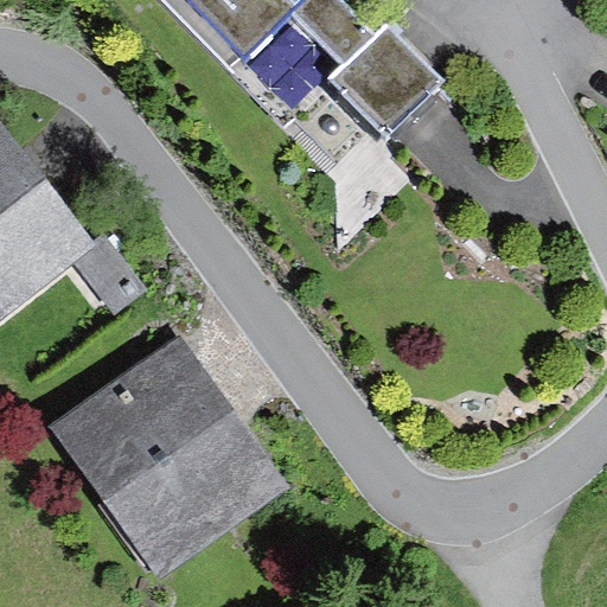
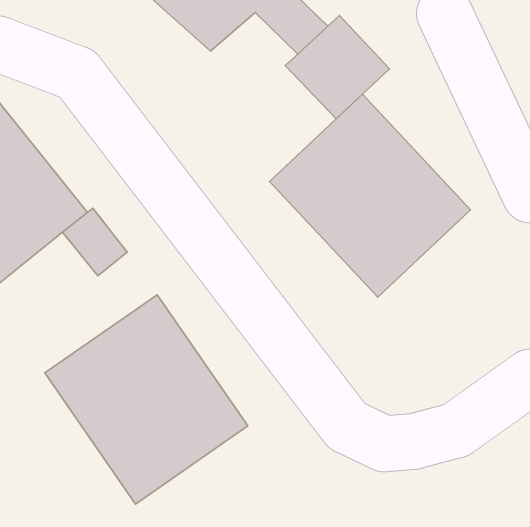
building: none -> [270,94,471,297]

